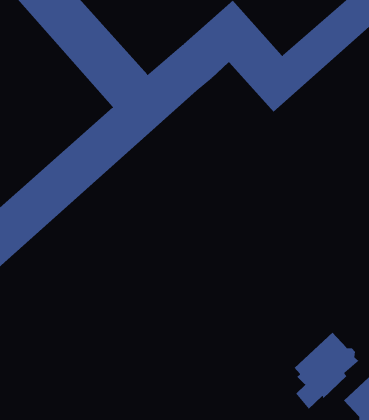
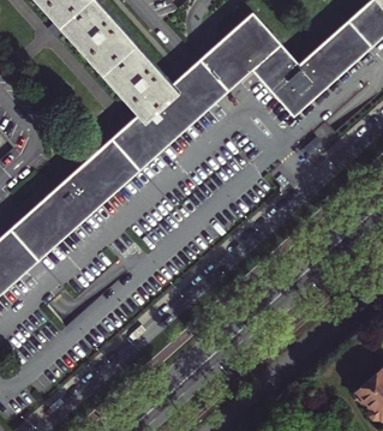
building: [294,332,360,409] -> none

